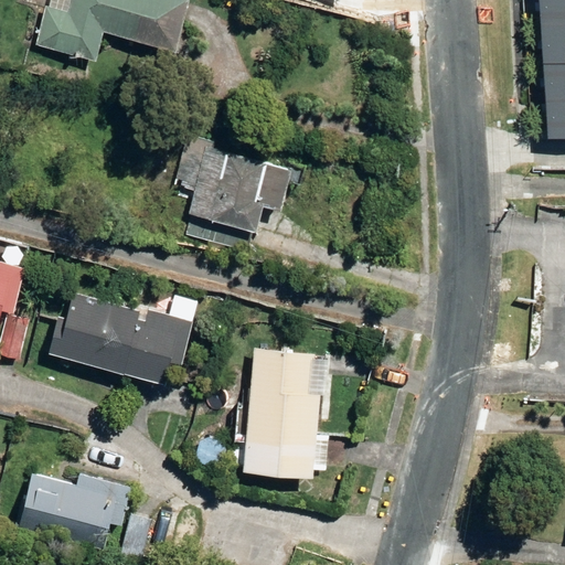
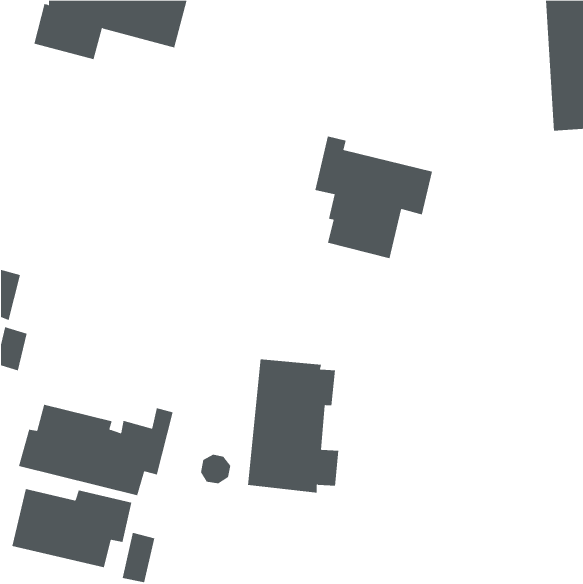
building: [175,134,289,252] -> [314,136,433,259]
building: [47,294,196,382] -> [18,404,173,496]

